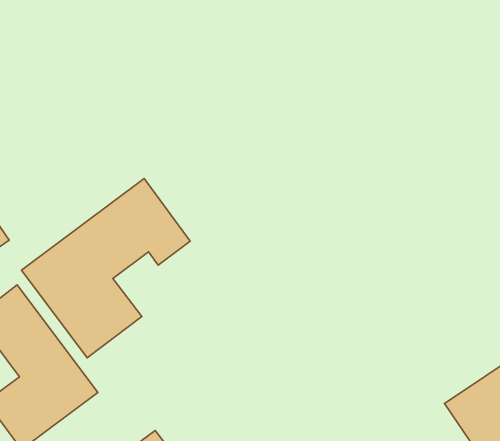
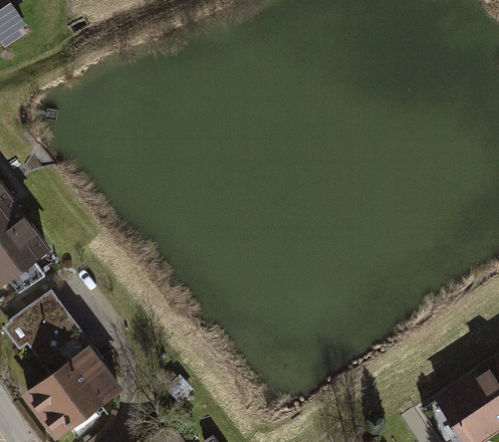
building: [22,178,190,358] -> none

